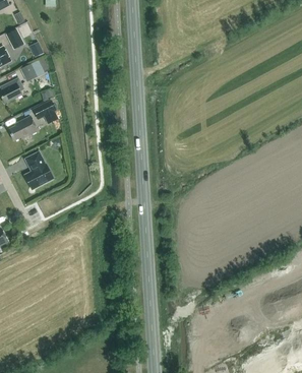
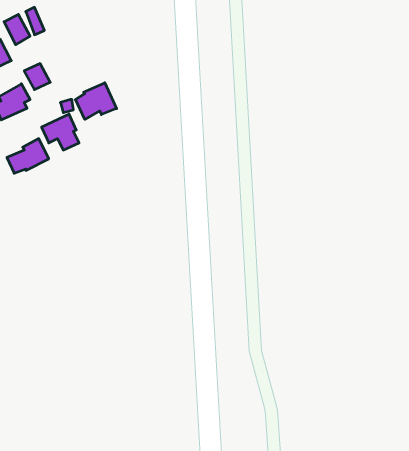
building: none -> [75,83,117,119]
building: [23,150,52,188] -> none

